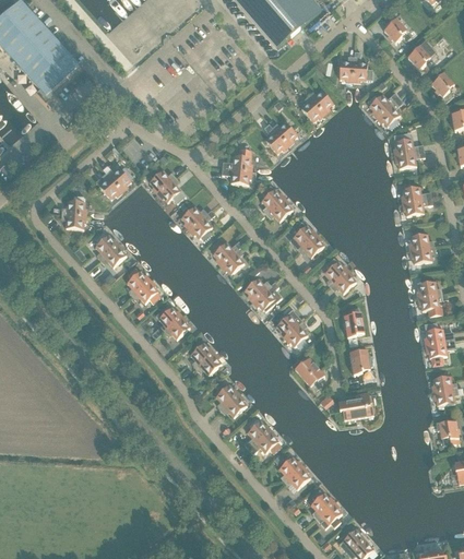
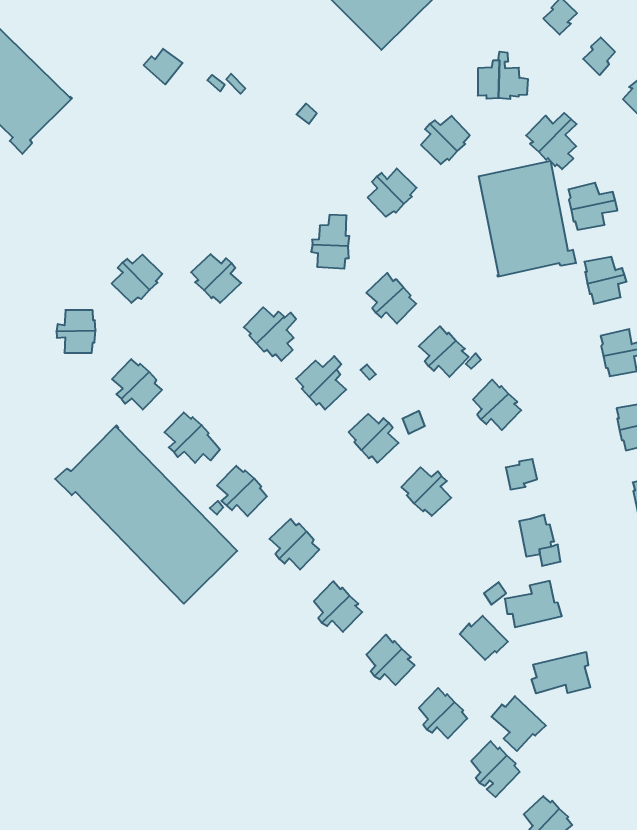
building: none -> [479,161,576,277]
building: none -> [55,425,237,604]
building: [295,358,325,386] -> [460,616,508,660]
building: none -> [532,652,590,693]
building: none -> [491,696,546,751]

